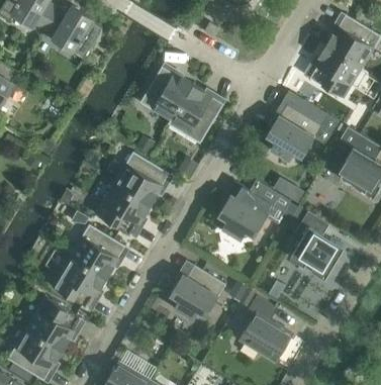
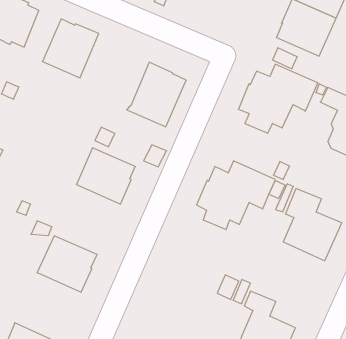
building: [140,67,193,120] -> [42,19,99,78]
building: [96,183,152,235] -> none
building: [53,256,107,308] -> none
building: [170,263,225,319] -> none

